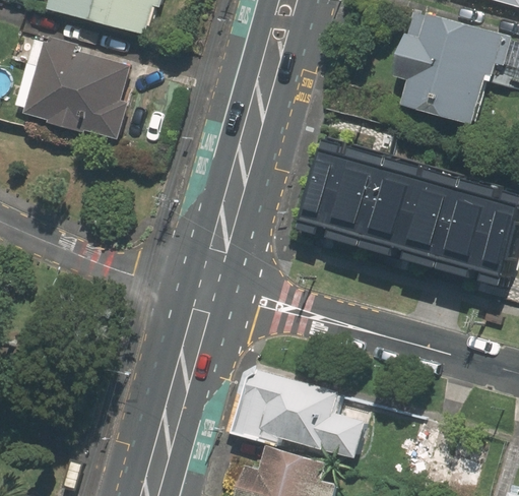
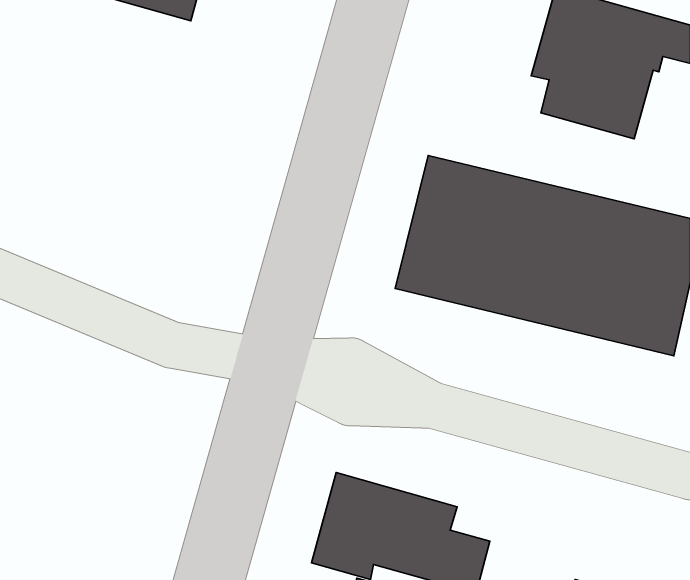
building: [14,37,128,139] -> none

